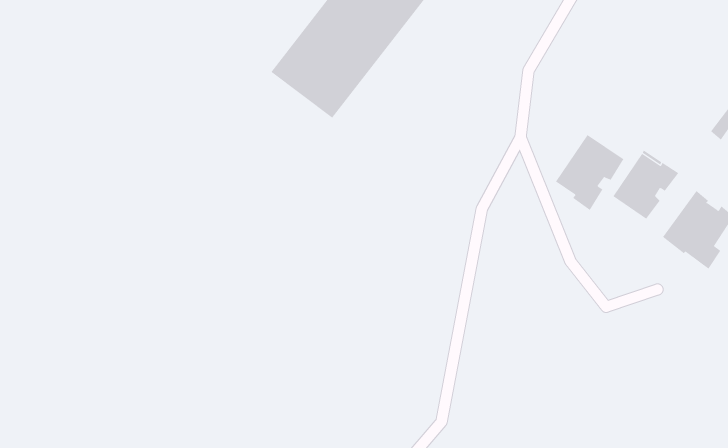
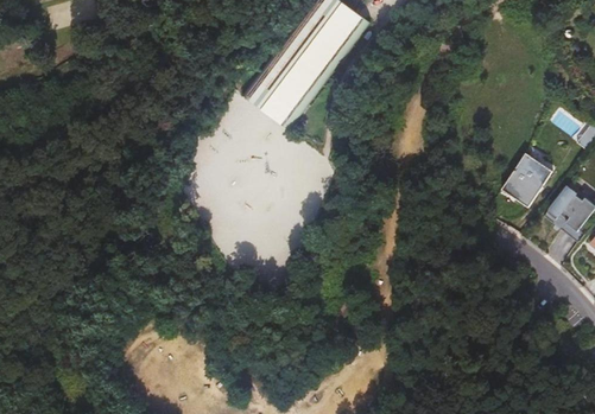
building: [555,134,624,211] -> none

